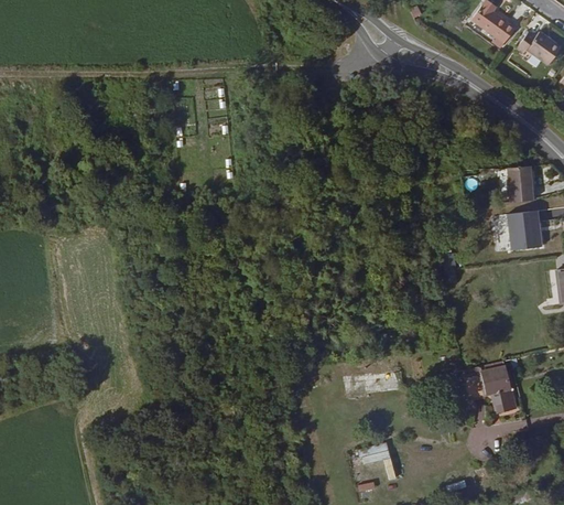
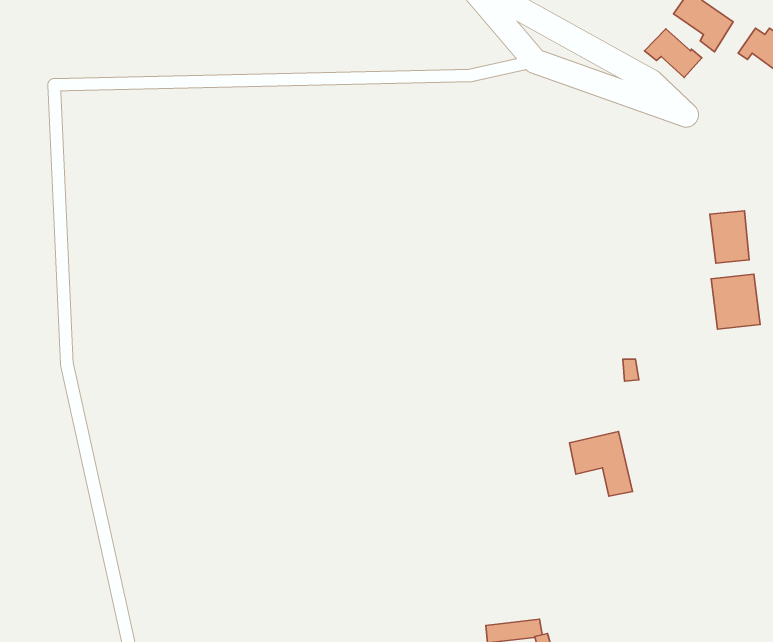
building: none -> [645,29,702,77]
building: [471,366,516,411] -> [570,432,633,496]

